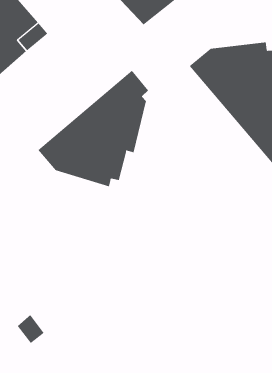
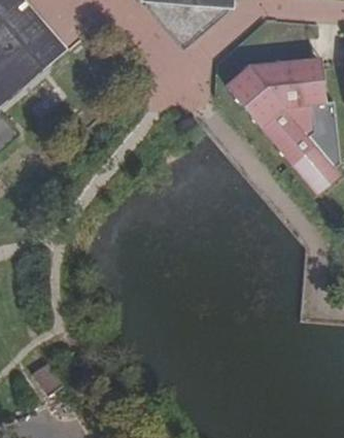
building: [38,70,149,187] -> none

